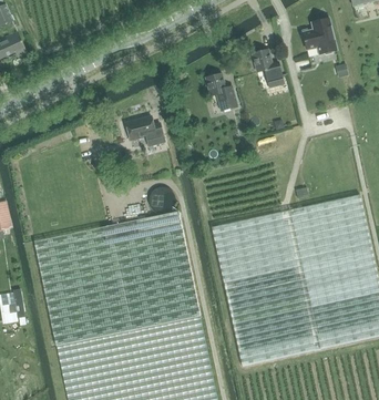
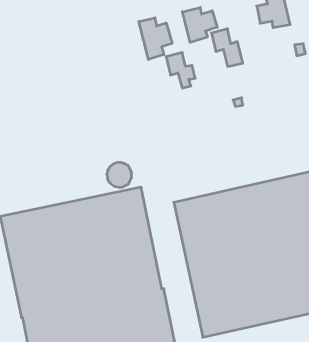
building: none -> [182,7,217,42]
building: none -> [139,18,172,60]
building: [124,115,163,145] -> none

